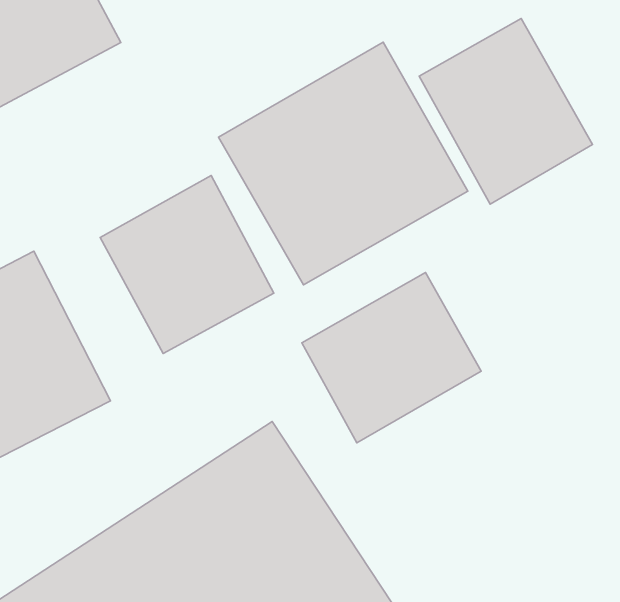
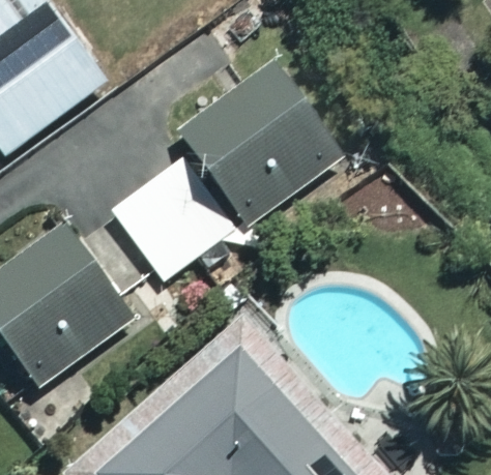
building: [419,18,592,204] -> none
building: [302,272,481,443] -> none

